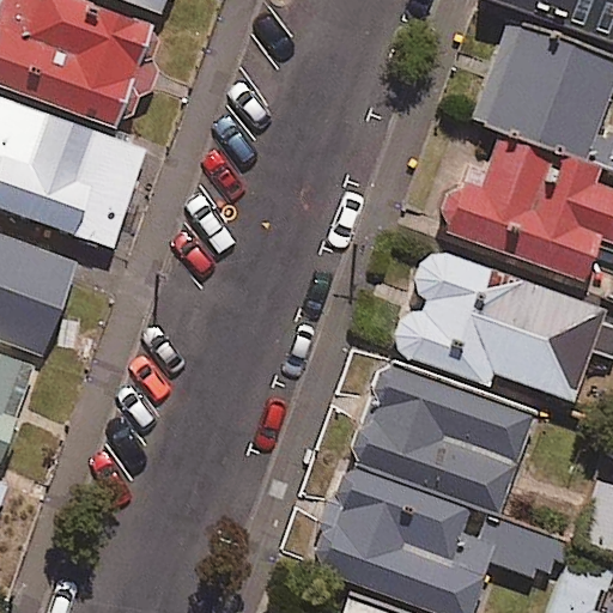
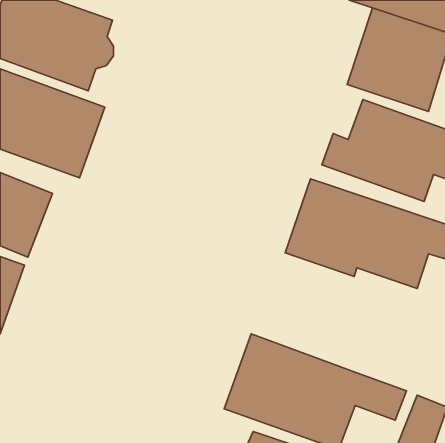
building: [346,363,532,517] -> none

